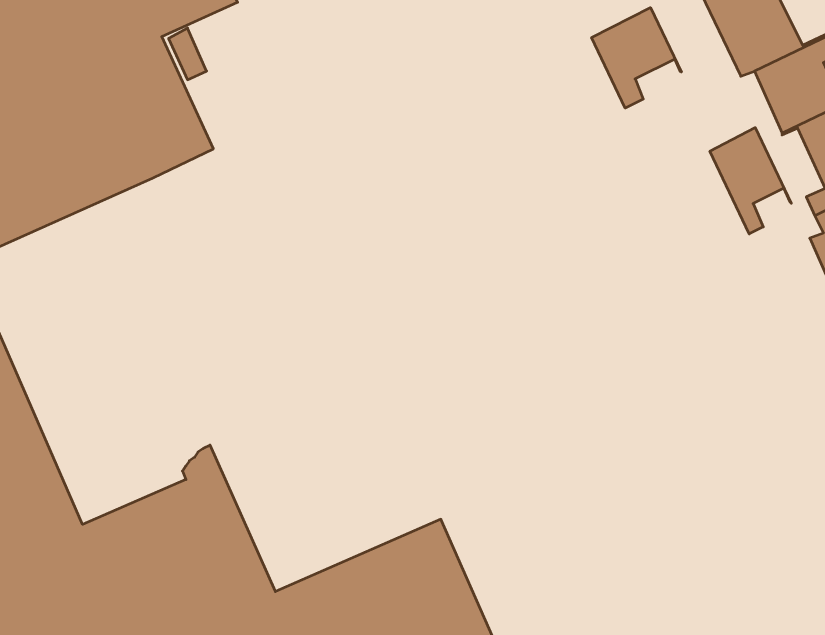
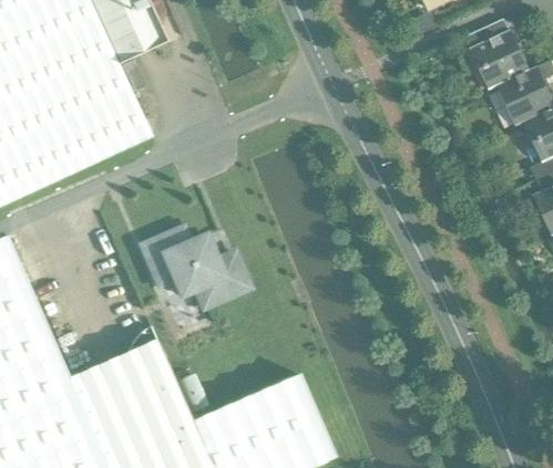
building: [592,8,681,108] -> none
building: [710,128,791,234] -> none
building: none -> [141,228,249,310]

